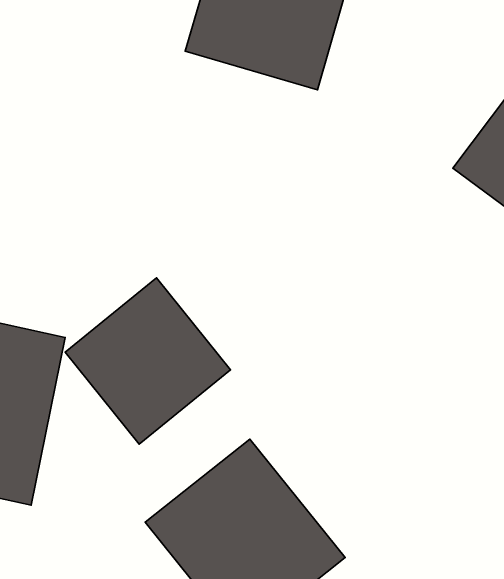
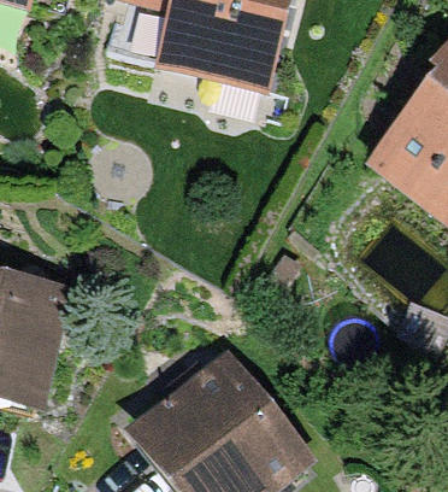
building: [65,278,230,444] -> none

